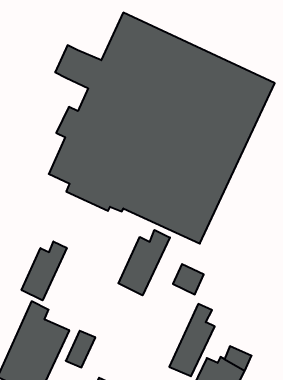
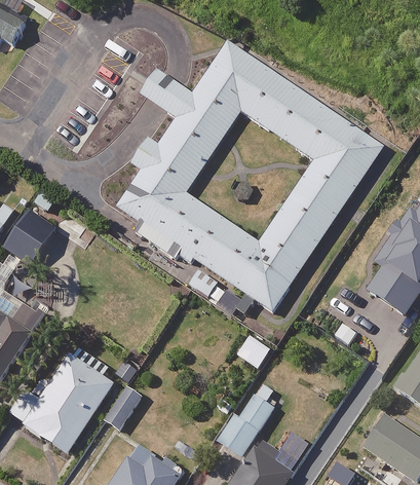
building: [118,230,170,295] -> none
building: [22,241,67,300] -> none

